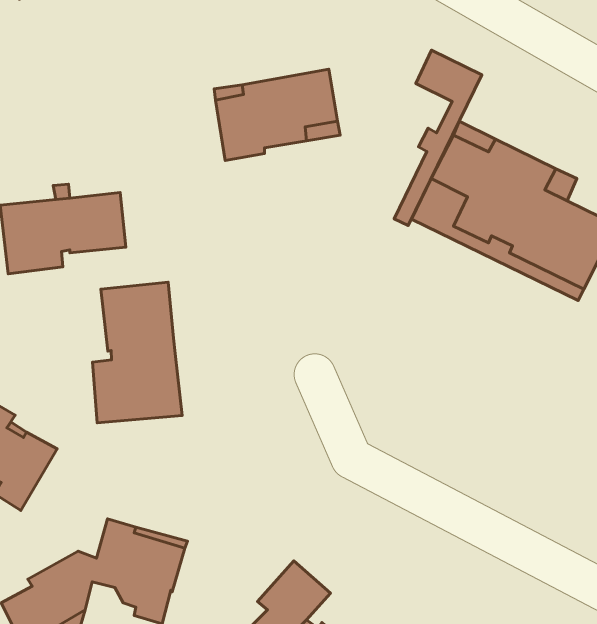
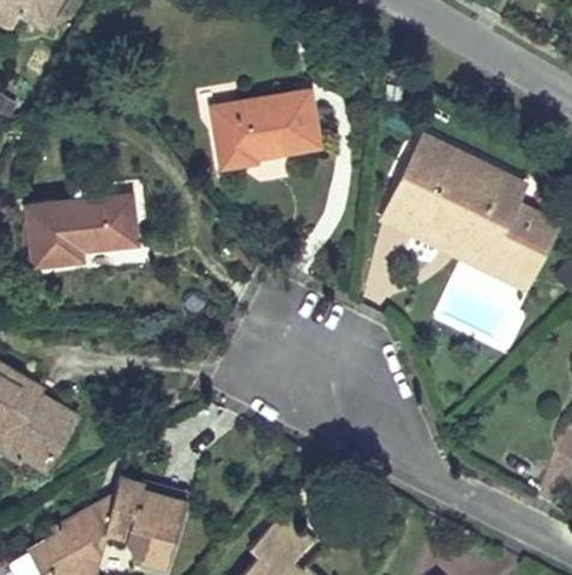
building: [394,50,482,226] -> none
building: [93,282,182,423] -> none

